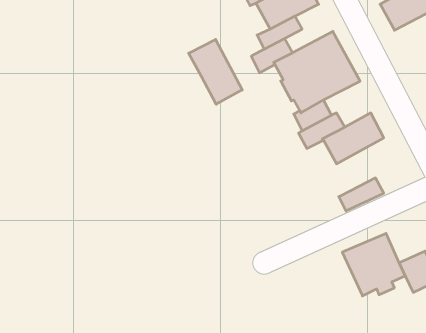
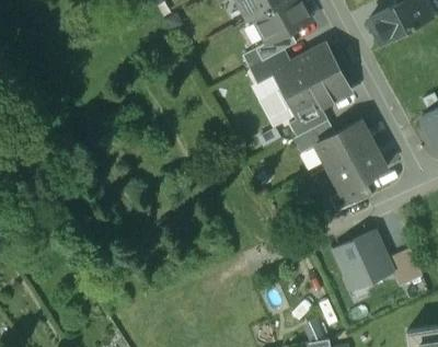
building: [189,39,242,104] -> none
building: none -> [328,143,387,193]

